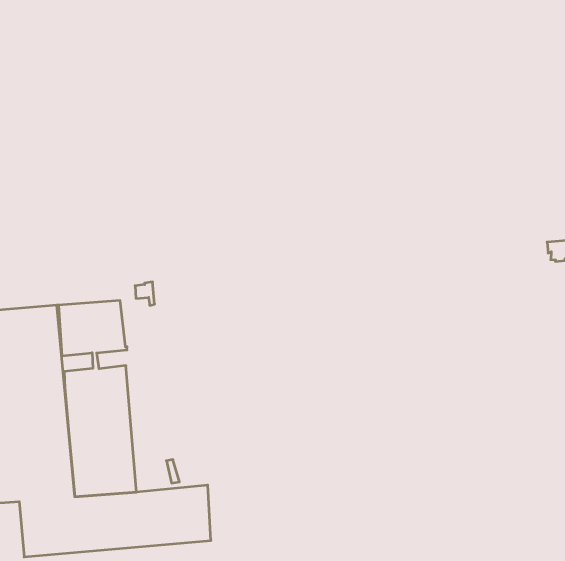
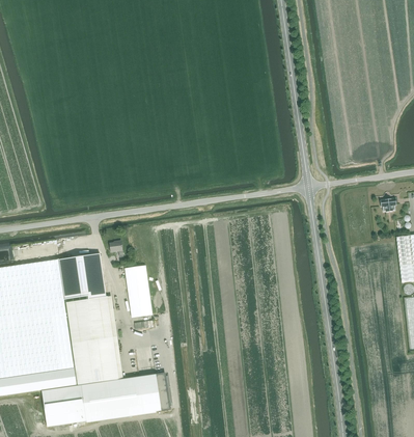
building: none -> [125,265,153,318]

